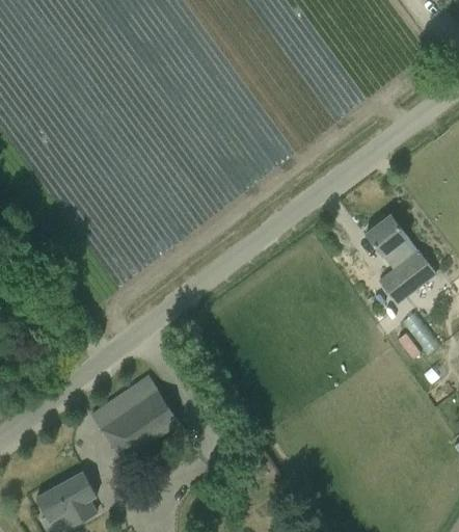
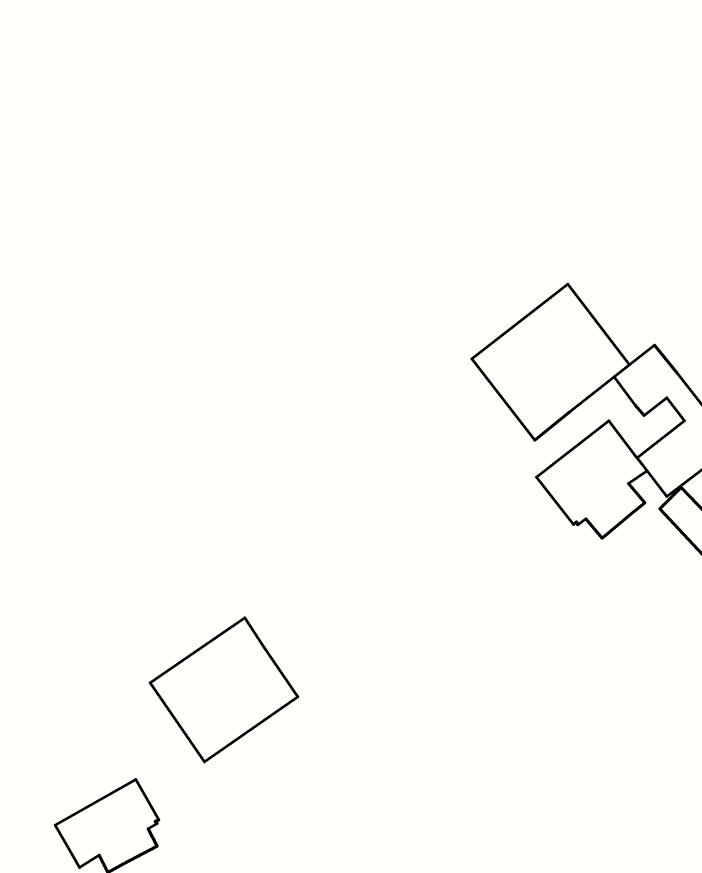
building: none -> [472,284,629,440]
building: none -> [537,421,647,538]

